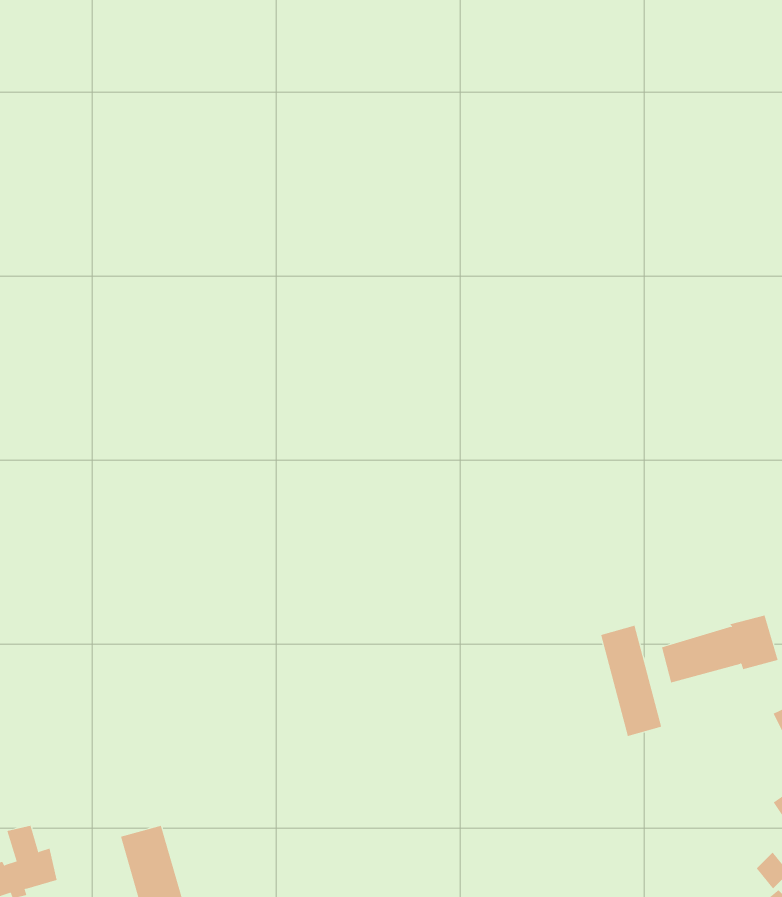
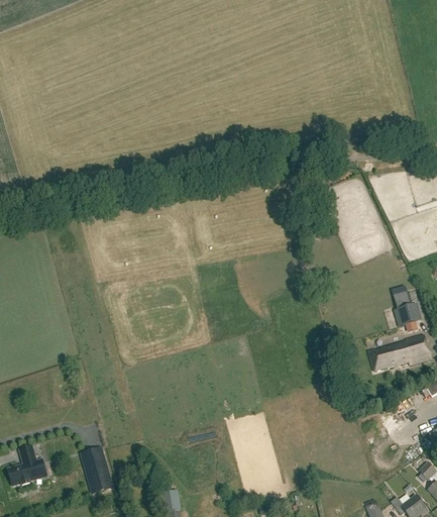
building: none -> [395,293,423,330]
building: [601,625,662,737] -> none

